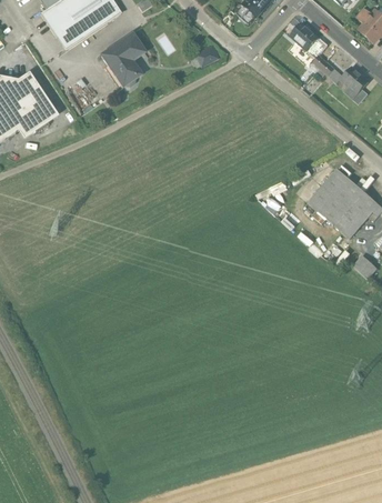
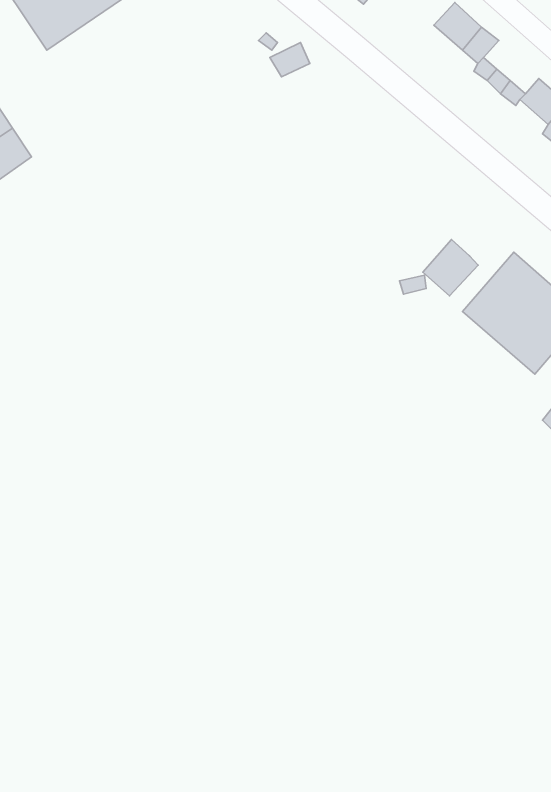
building: [100,33,144,87] -> none
building: none -> [423,240,478,296]

